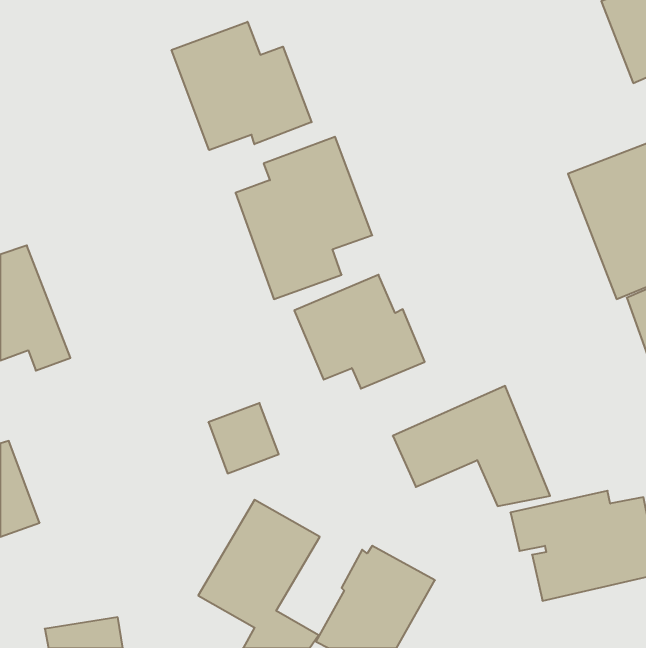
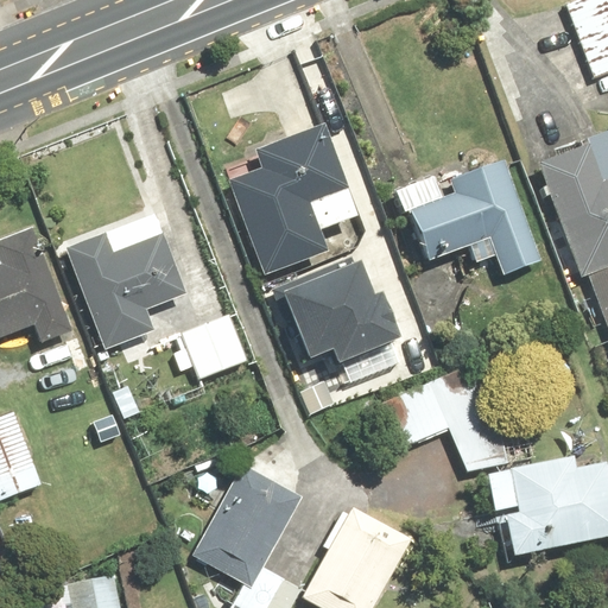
building: [172,22,312,150] -> none
building: none -> [391,160,542,276]
building: none -> [63,229,188,350]
building: [208,403,279,473] -> [182,314,247,379]

